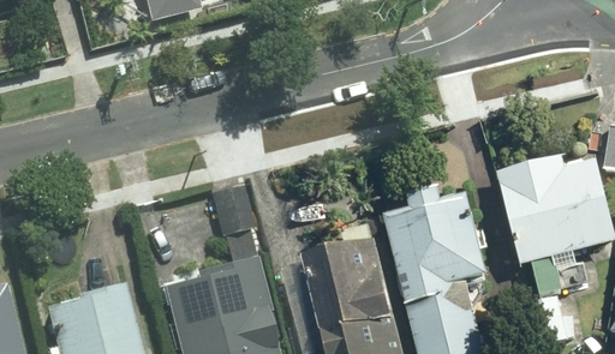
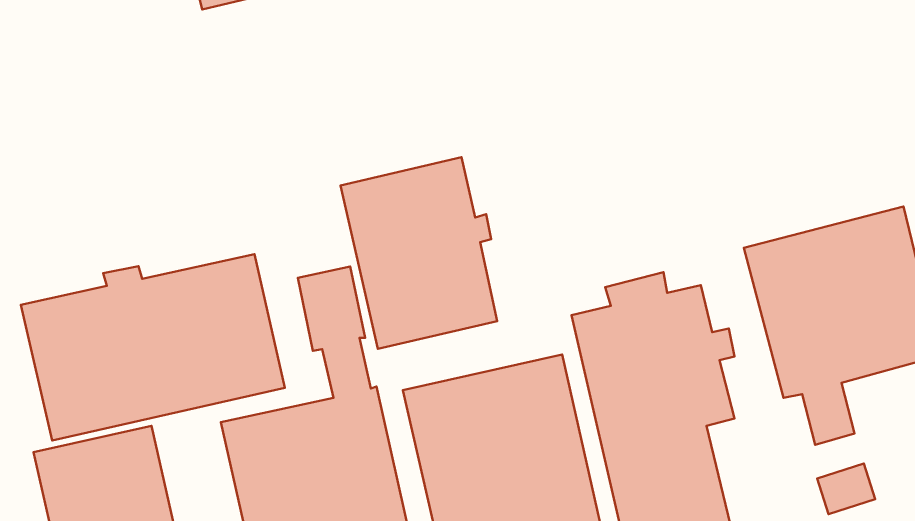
building: none -> [340,157,497,349]
building: none -> [21,254,285,440]

